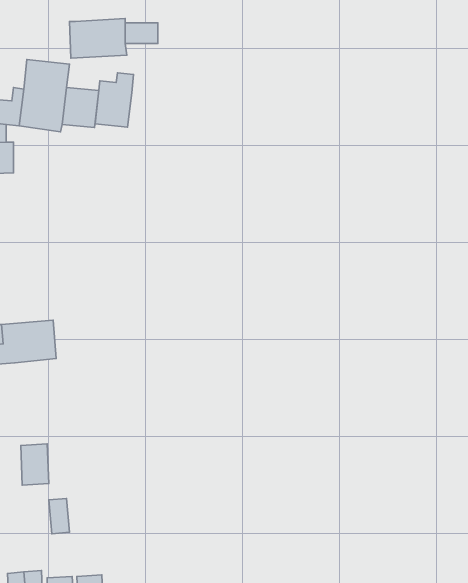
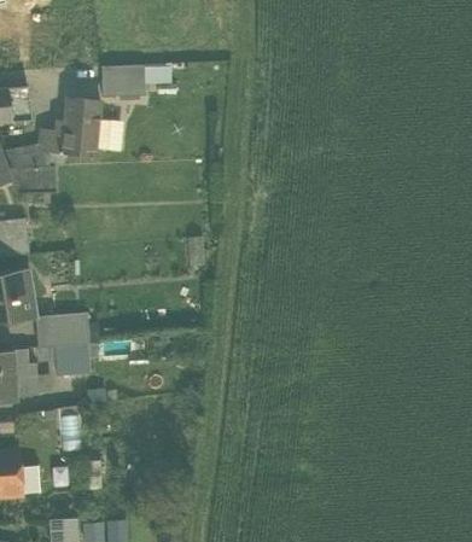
building: [95,73,134,127] -> none
building: none -> [56,343,92,374]

